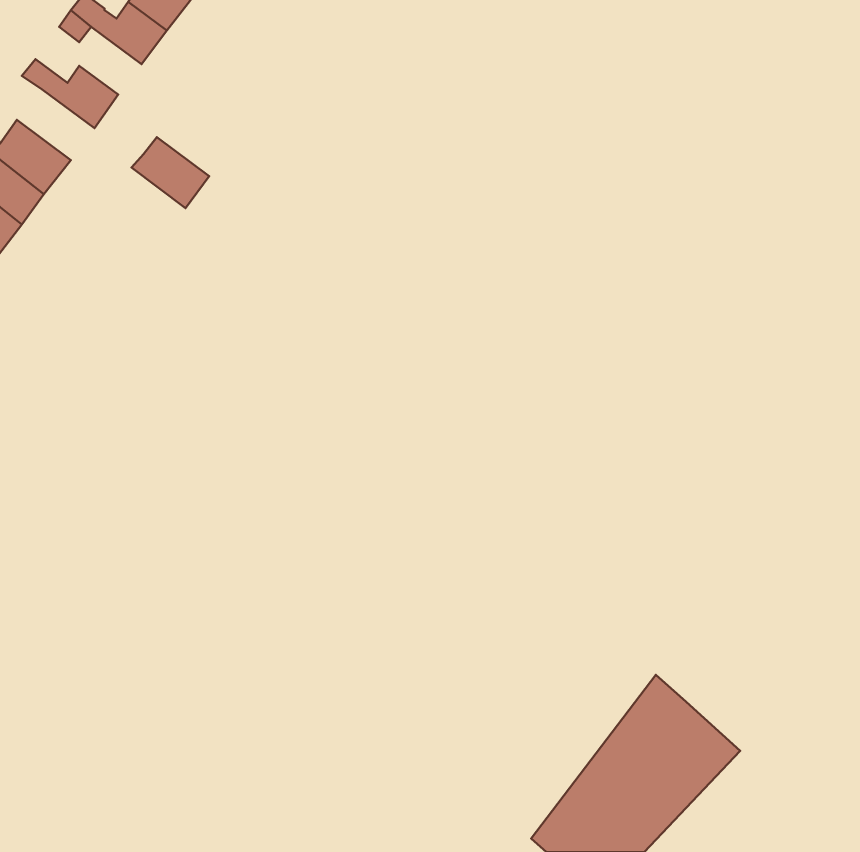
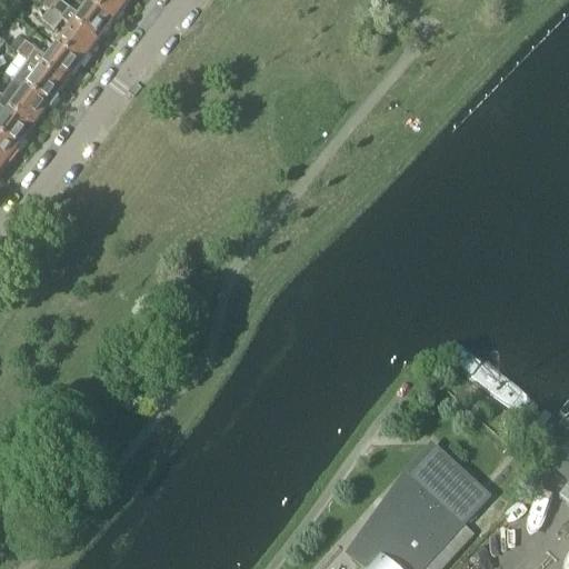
building: none -> [52,23,93,62]
building: [132,137,209,208] -> [11,59,62,106]

